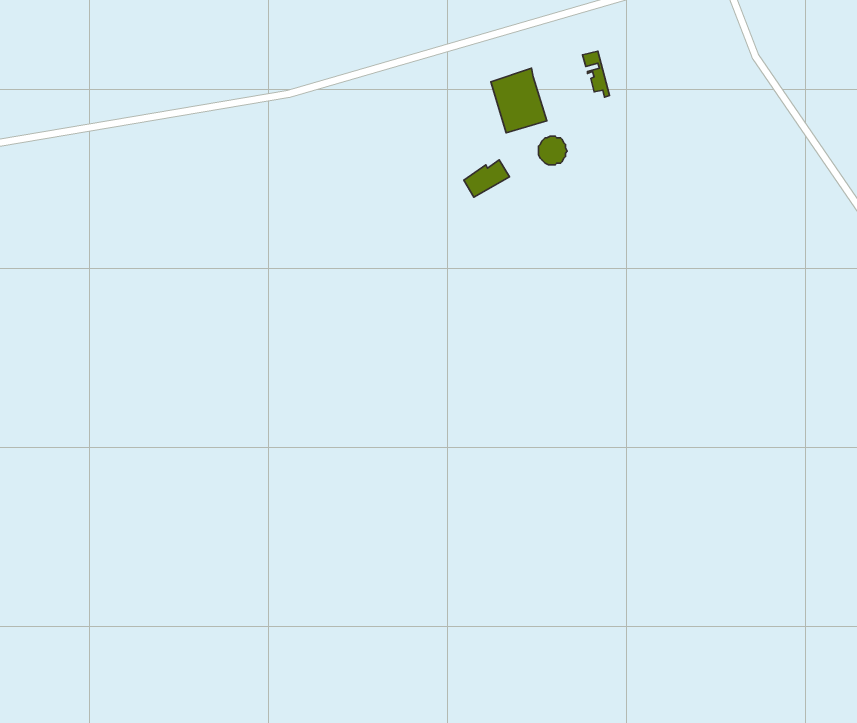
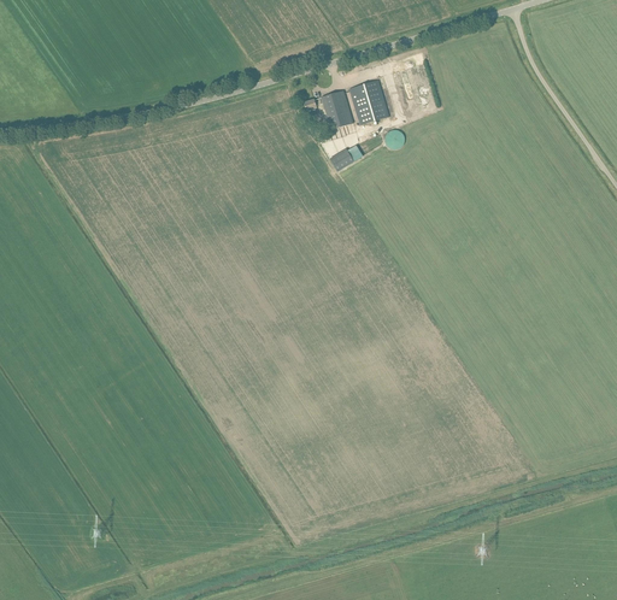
building: none -> [304,89,353,129]

